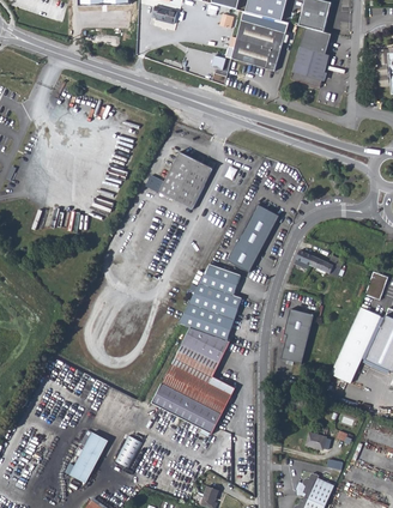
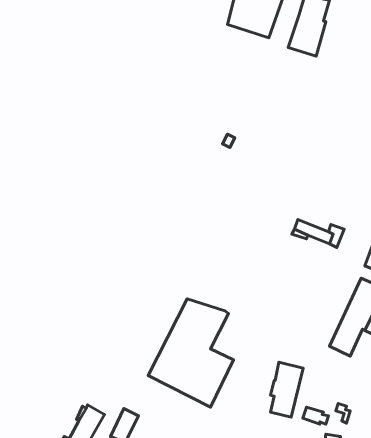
building: [156,153,208,210] -> none
building: [226,206,278,273] -> none
building: [179,266,243,338] -> none
building: [282,308,314,362] -> [270,362,303,417]

